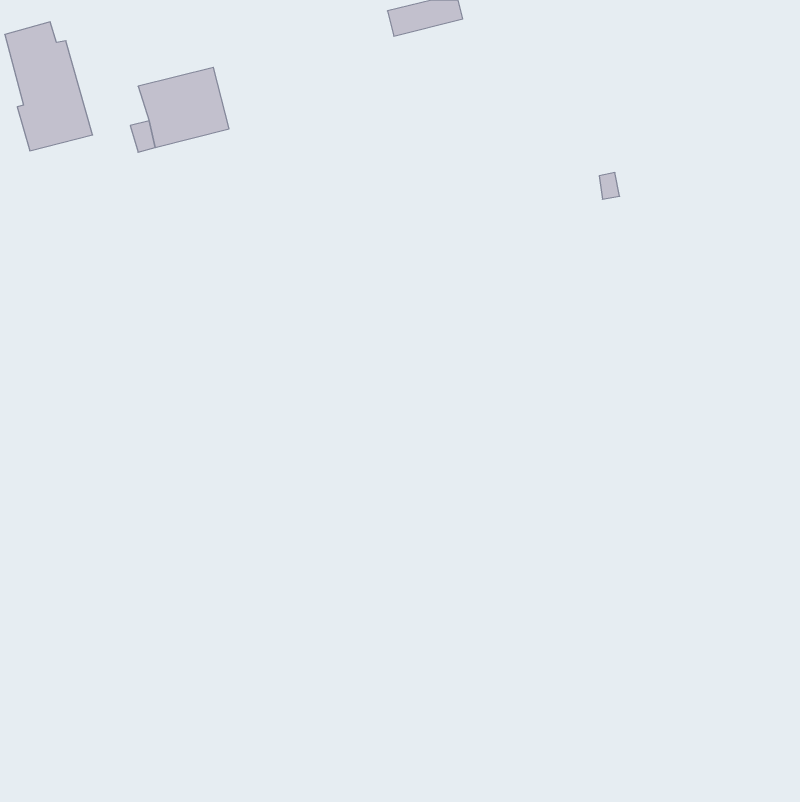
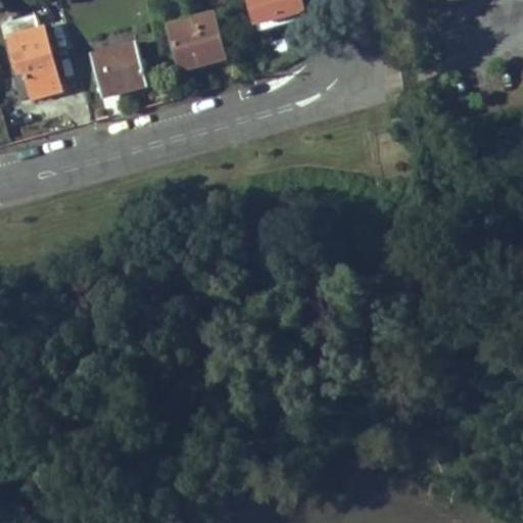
building: none -> [170,14,224,68]

